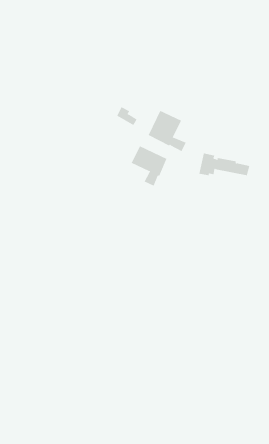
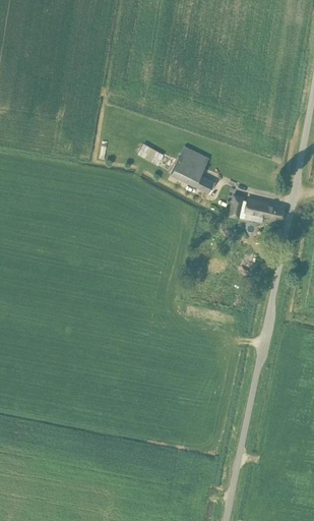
building: [131,145,167,187] -> none

